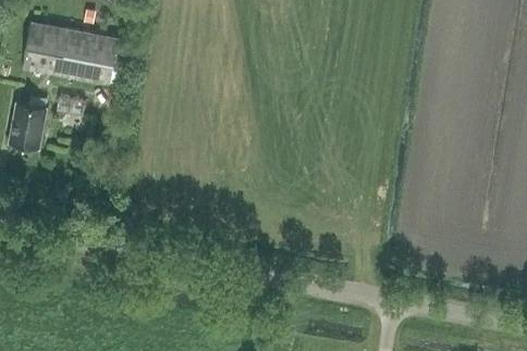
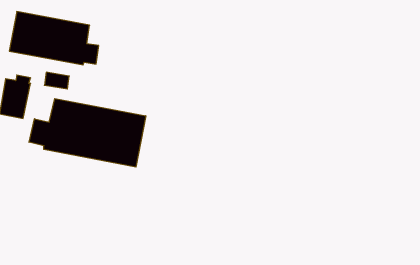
building: none -> [29,99,146,167]

